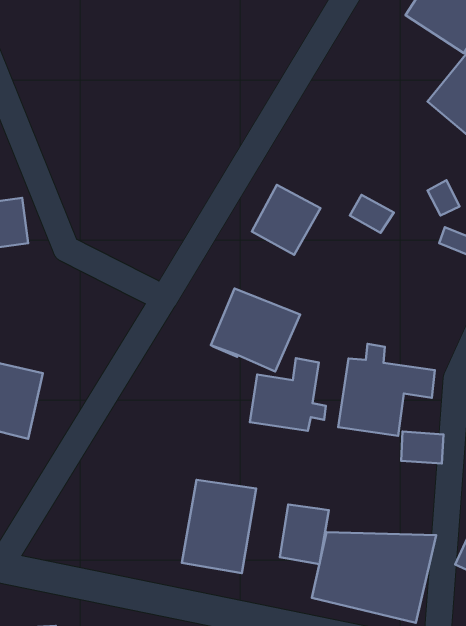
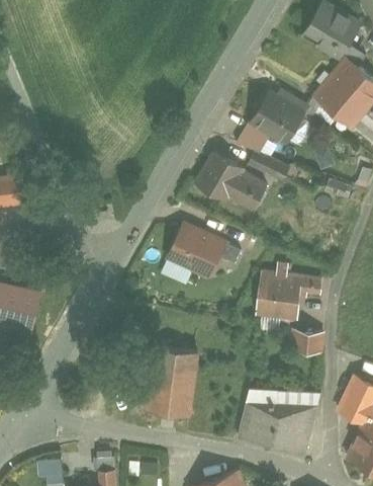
building: none -> [235,87,304,157]
building: none -> [224,177,265,215]
building: [250,358,326,431] -> none
building: [280,504,329,564] -> none

